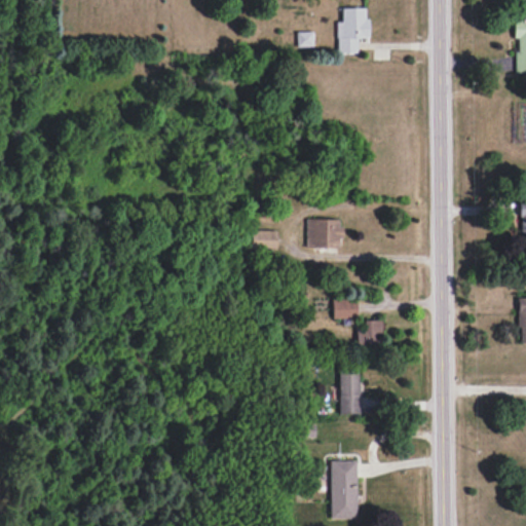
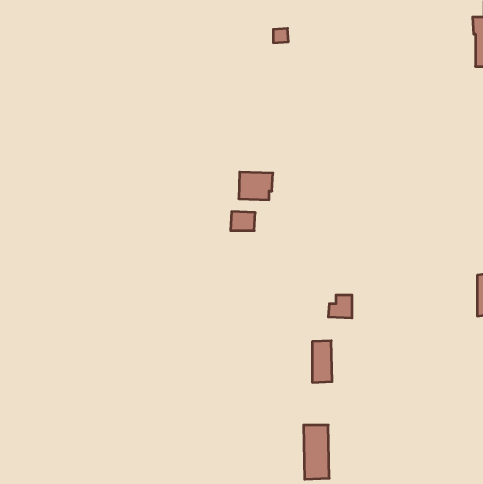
building: [338,8,371,53] -> none
building: [306,219,343,249] -> [239,172,273,200]
building: [334,300,359,318] -> none

